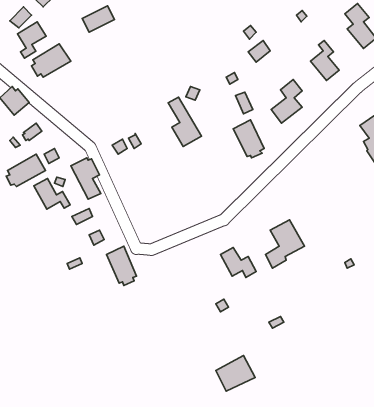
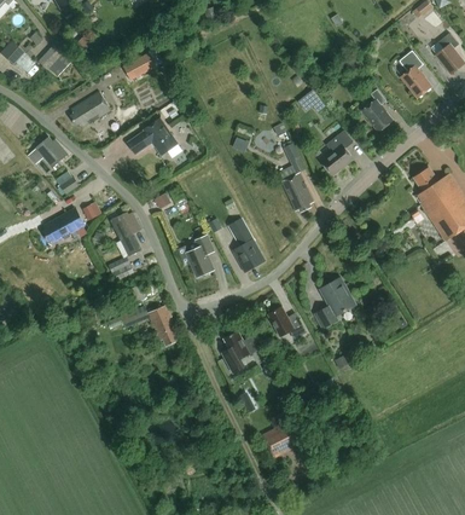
building: [17,22,46,58] -> none
building: none -> [127,117,178,155]
building: [168,97,202,147] -> [229,219,265,271]
building: [34,178,70,209] -> none
building: none -> [178,236,214,276]
building: none -> [223,331,260,374]

